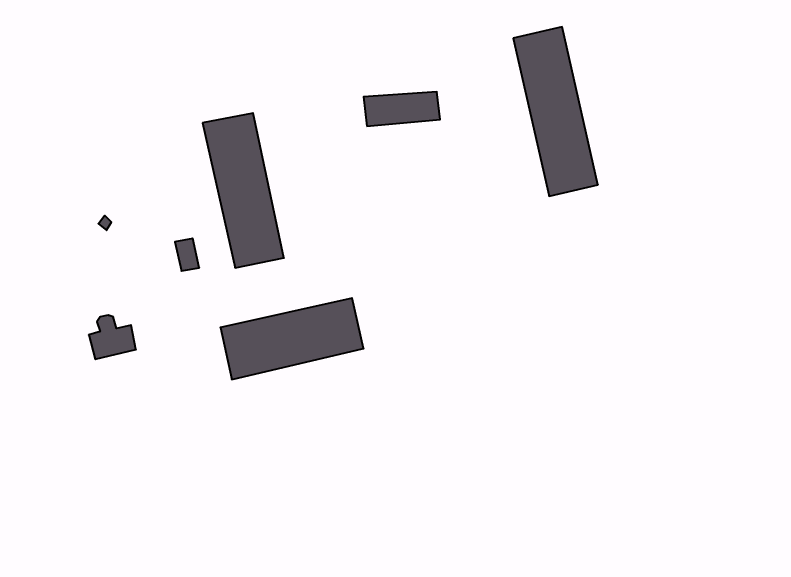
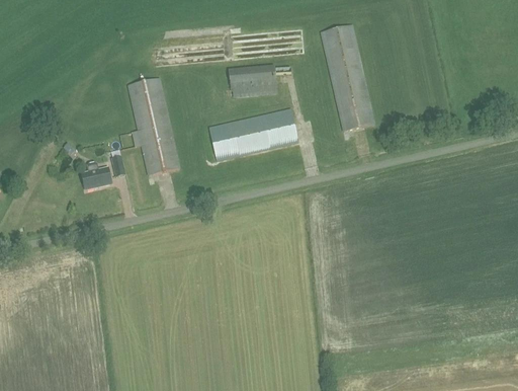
building: [220,298,364,379] -> [208,109,297,160]
building: [89,315,136,359] -> [81,161,110,188]

